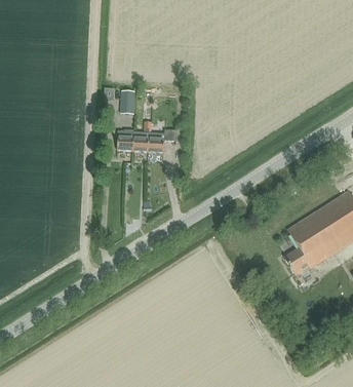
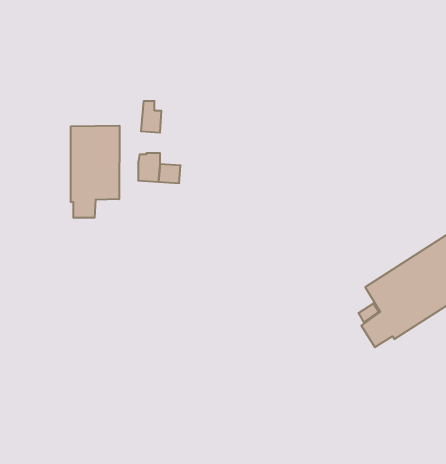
building: none -> [71,126,119,218]
building: [149,127,175,150] -> none

